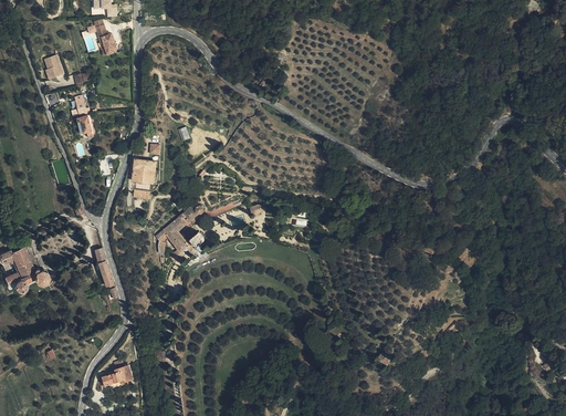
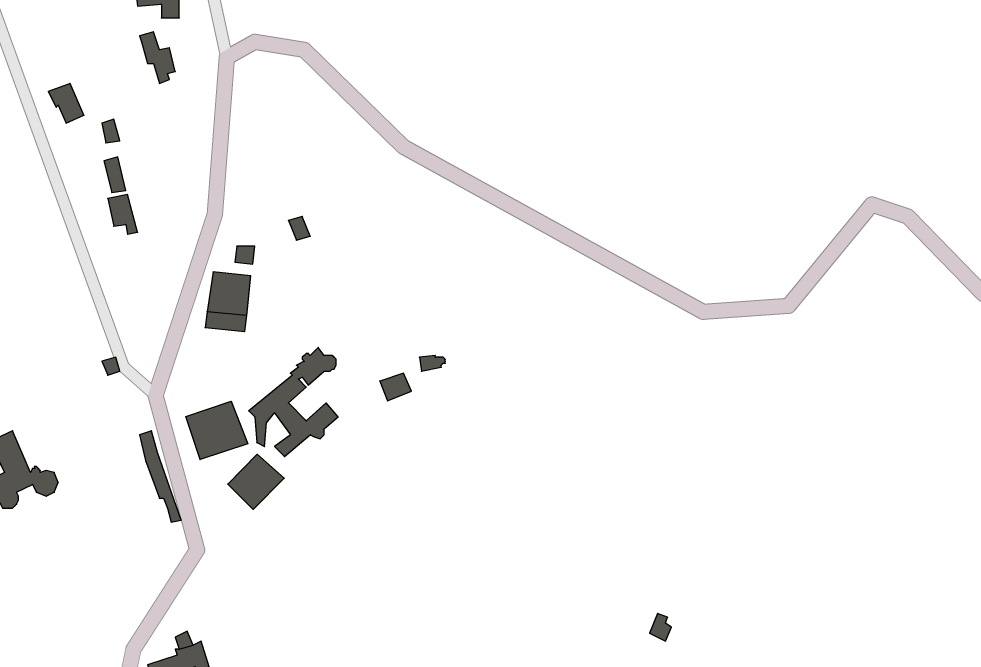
building: none -> [186,401,248,460]
building: none -> [228,454,284,509]

